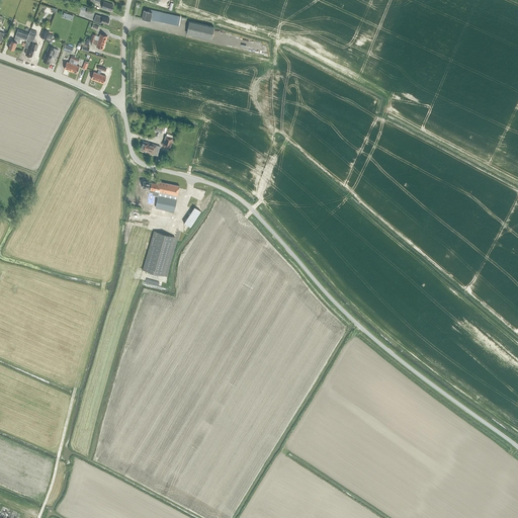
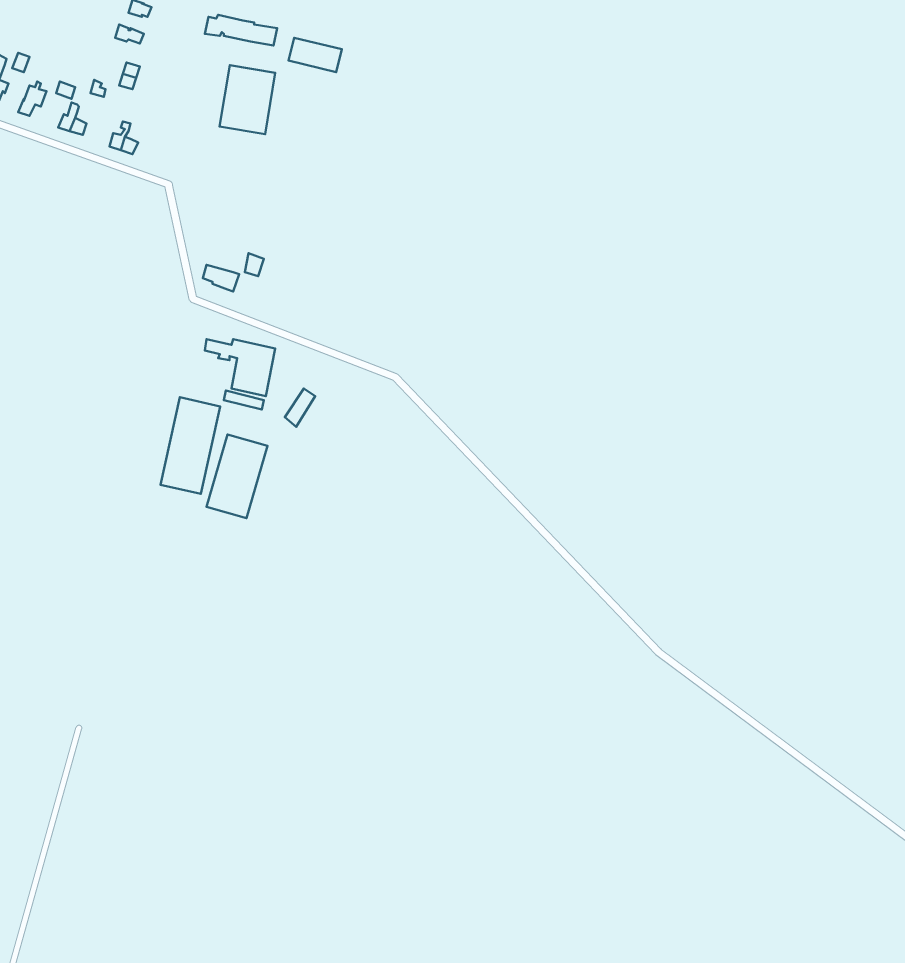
building: none -> [220,65,275,134]
building: none -> [161,397,220,494]

